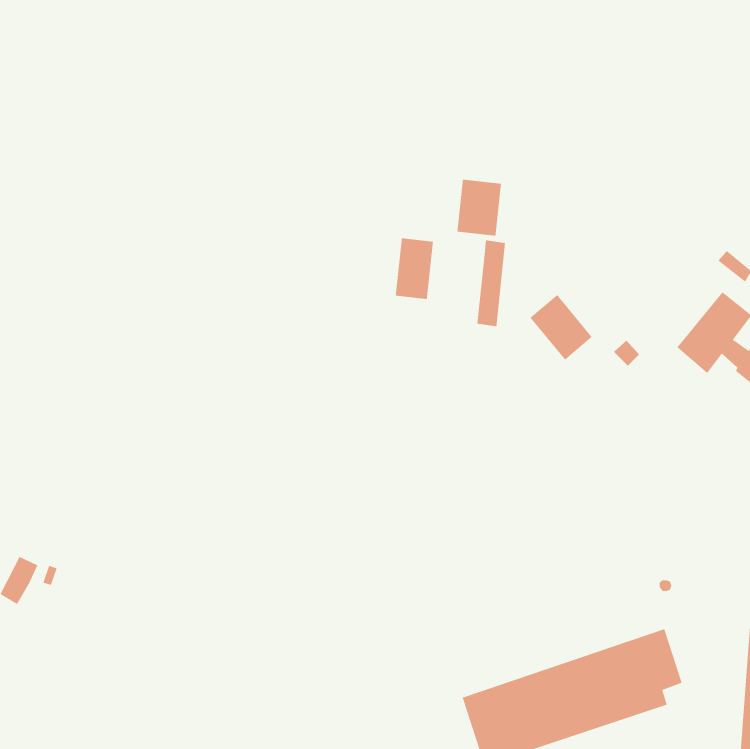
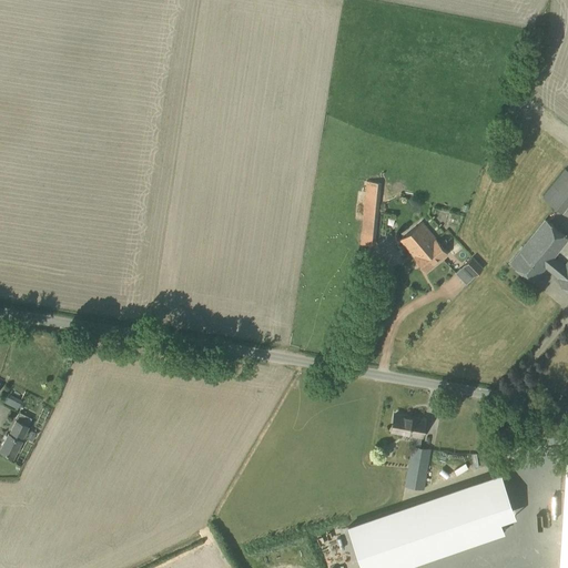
building: [457,179,501,237] -> none
building: [395,238,433,300] -> none
building: none -> [393,417,430,490]

